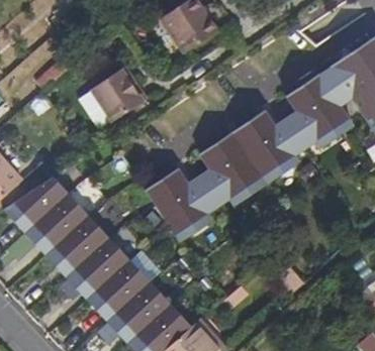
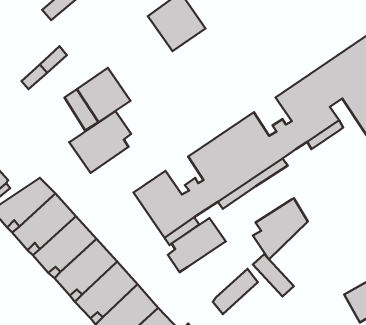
building: none -> [69,111,131,173]
building: none -> [253,198,308,259]
building: none -> [168,218,226,272]

